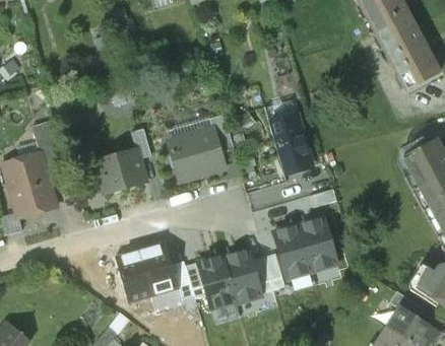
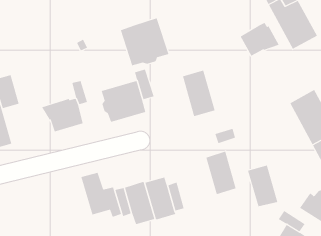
building: none -> [120,17,169,66]
building: none -> [240,22,280,56]
building: [273,224,312,277] -> [247,165,278,207]
building: [115,249,156,304] -> none

